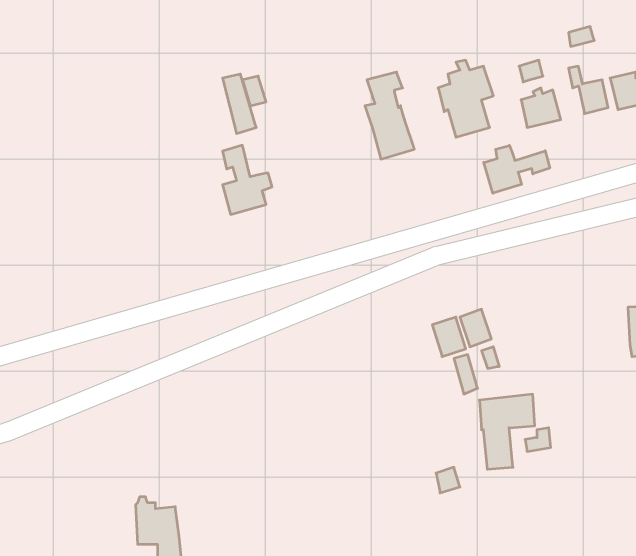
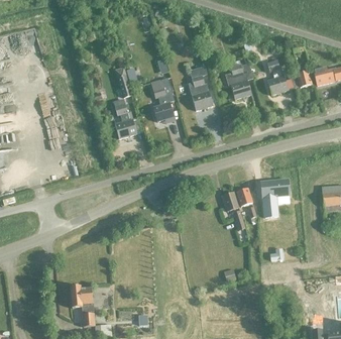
building: none -> [151,79,174,122]
building: [484,145,550,193] -> none
building: [479,394,535,469] -> [260,180,289,218]

